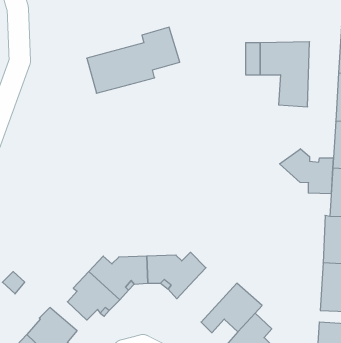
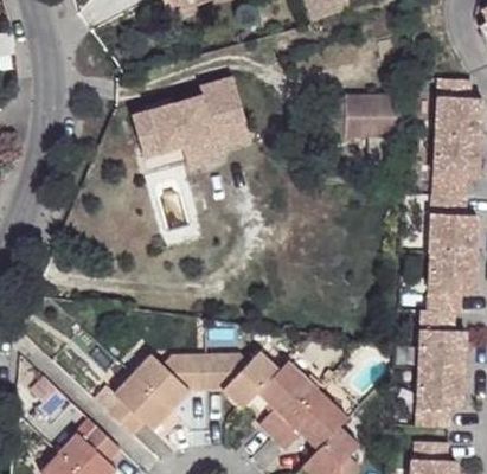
building: none -> [182,118,250,167]
building: [280,149,333,194] -> none
building: none -> [256,361,314,436]

